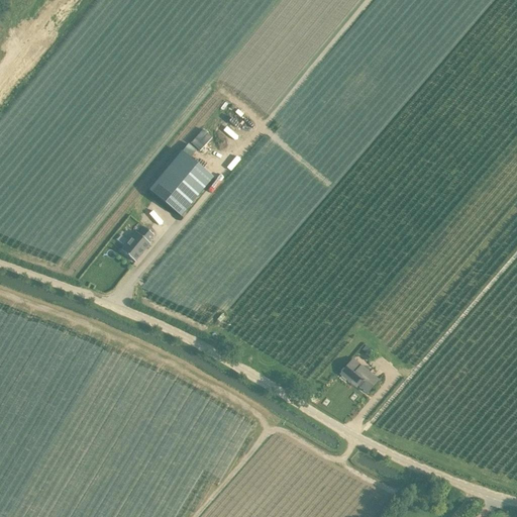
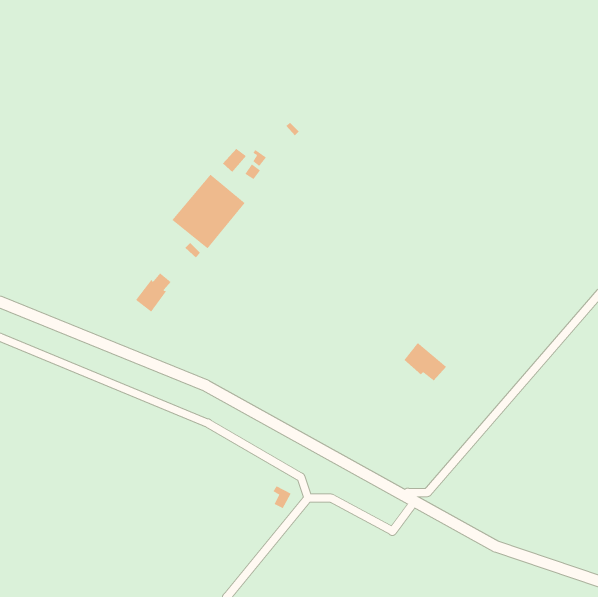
building: [342,356,380,390] -> [403,342,447,381]

